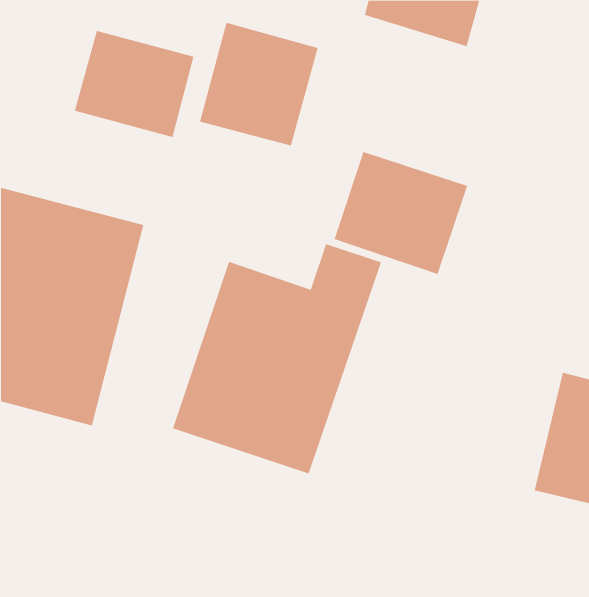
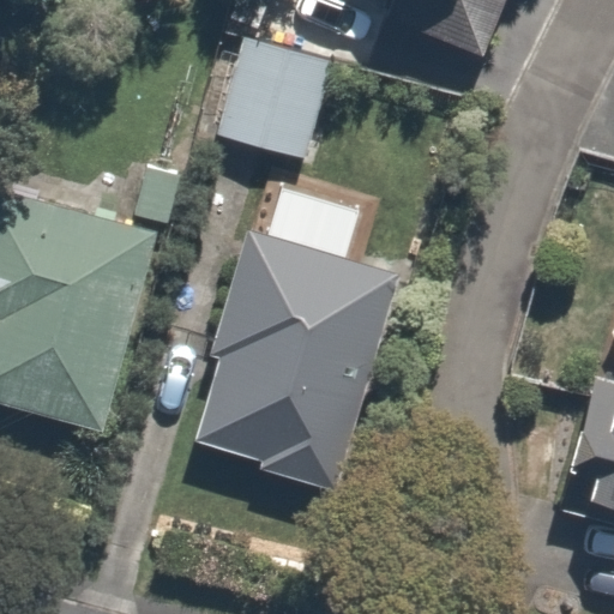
building: [74,30,194,138] -> none
building: [334,151,468,275] -> none

